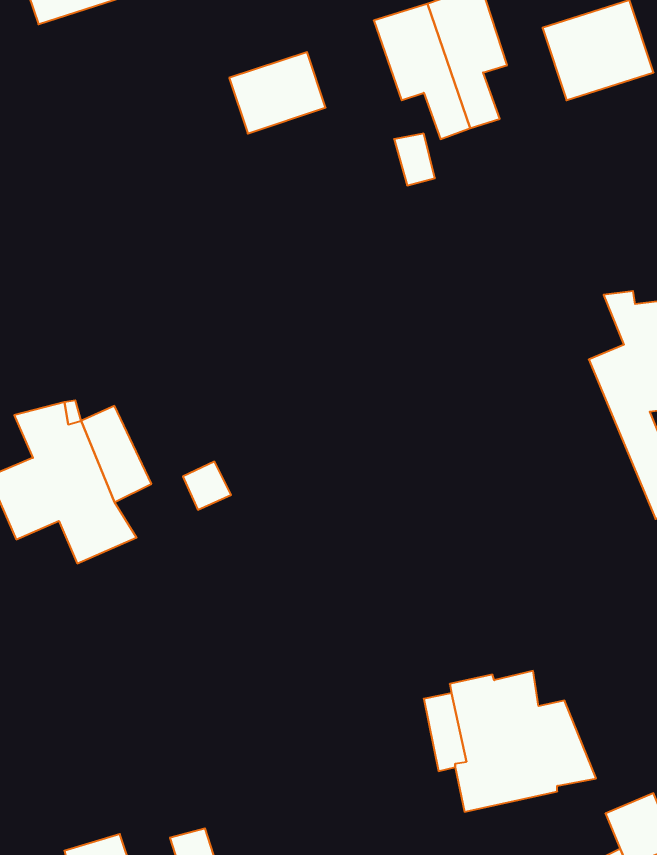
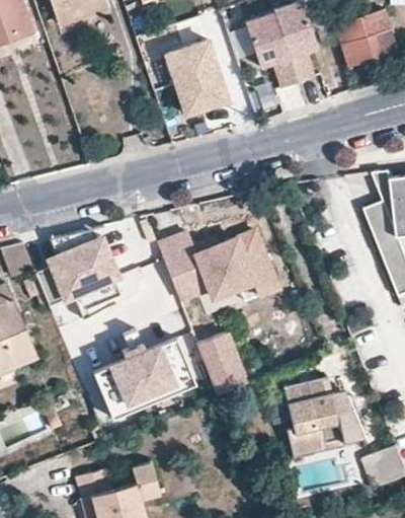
building: none -> [176,70,229,115]
building: none -> [154,231,274,302]
building: none -> [195,335,245,396]
building: none -> [94,337,196,420]

